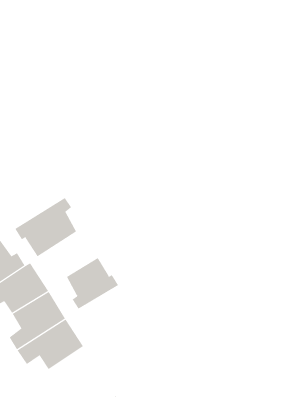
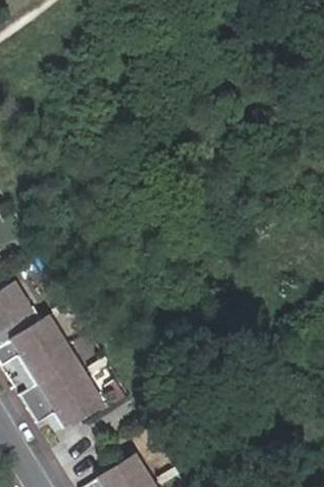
building: [15,197,77,257] -> none
building: [66,257,119,310] -> none

